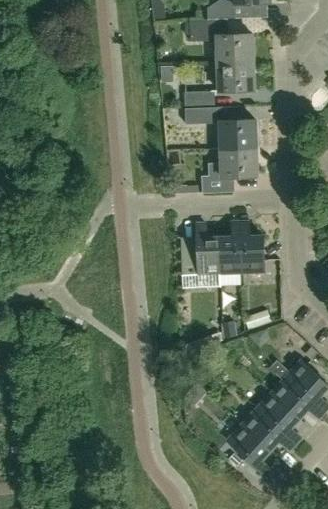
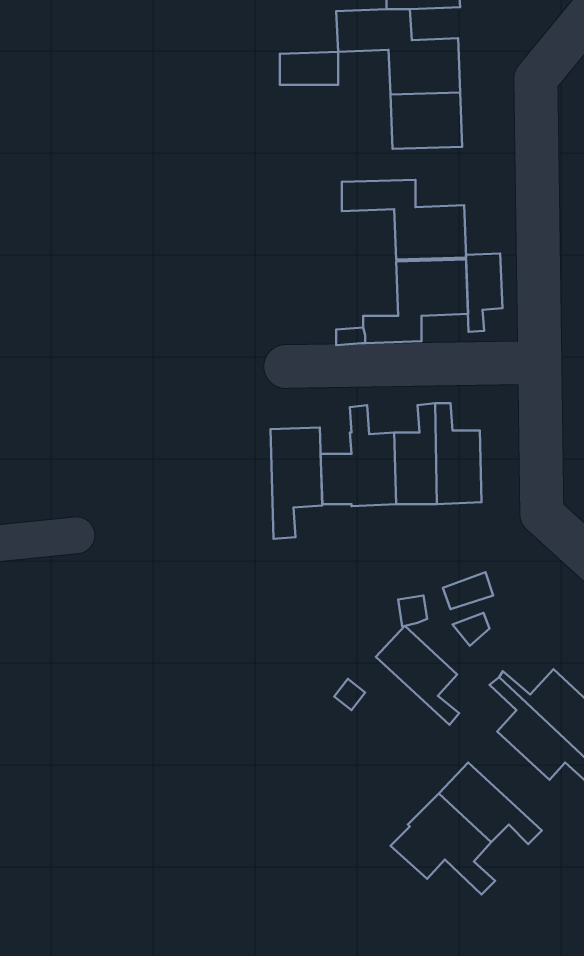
building: [183,90,213,107] -> [280,52,338,85]
building: none -> [466,253,502,332]
building: none -> [270,428,322,539]
building: [256,390,299,441] -> [376,626,459,725]

